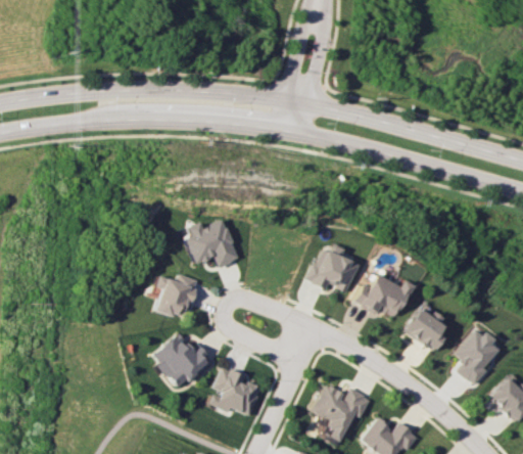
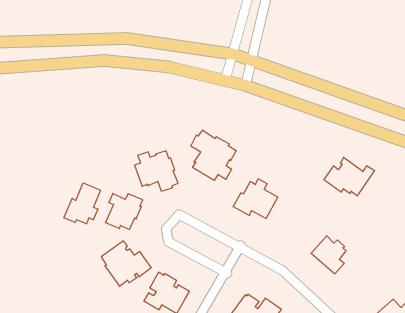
building: none -> [191,130,236,181]
building: none -> [64,183,100,224]
building: [353,272,414,317] -> [324,157,375,196]
building: [455,330,498,385] -> none

